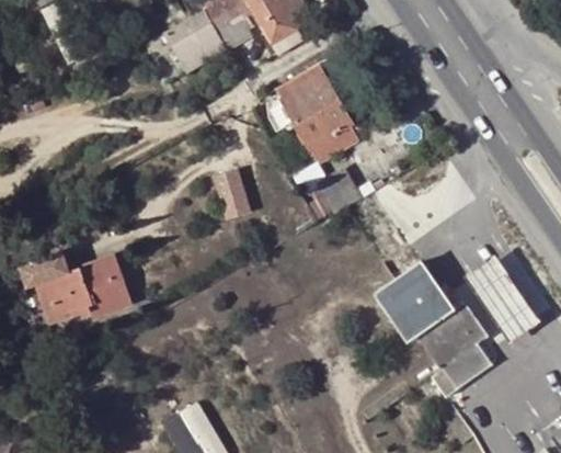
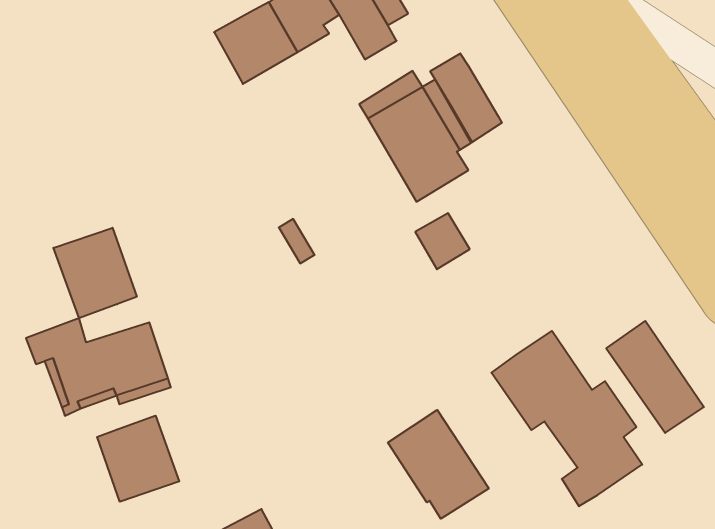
building: none -> [430,53,502,142]
building: none -> [53,228,137,318]
building: none -> [388,410,489,519]
building: none -> [97,416,179,502]

